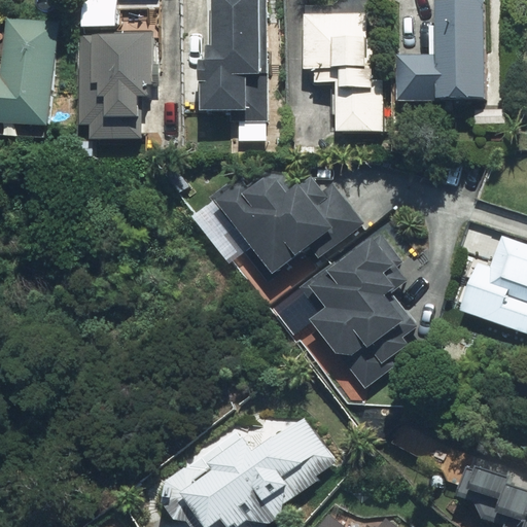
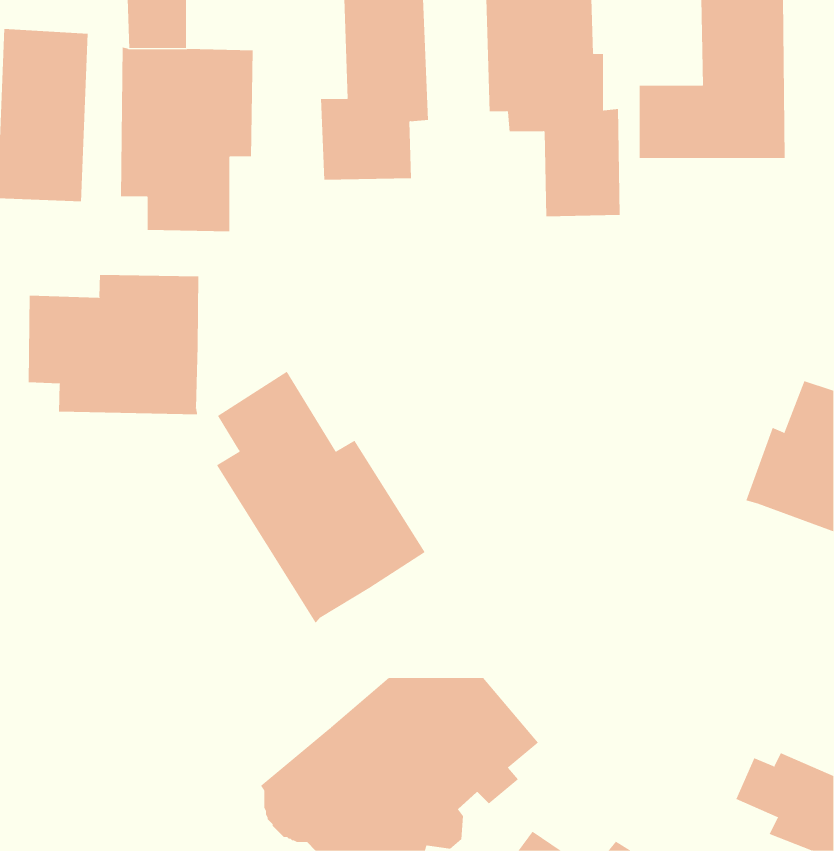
building: none -> [28,274,199,415]
building: [209,171,362,285] -> none
building: none -> [216,371,425,624]
building: [293,232,410,388] -> none

